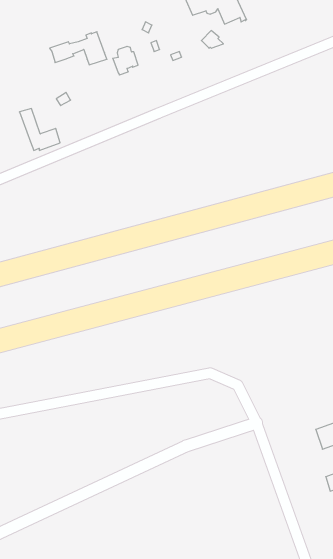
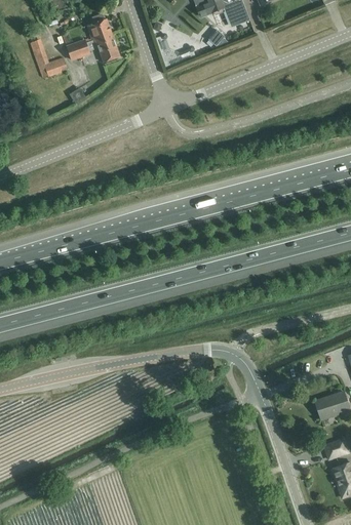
building: [113,46,138,75] -> [87,13,111,40]
building: [19,109,60,150] -> [30,38,68,77]

